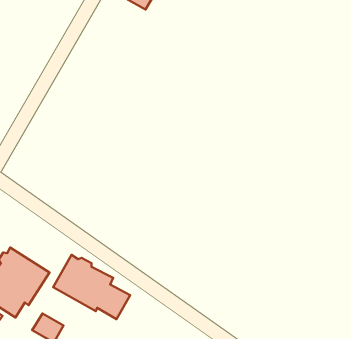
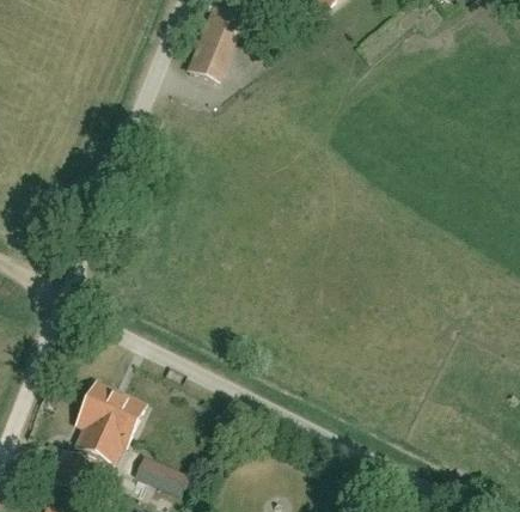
building: [53,255,130,319] -> none

